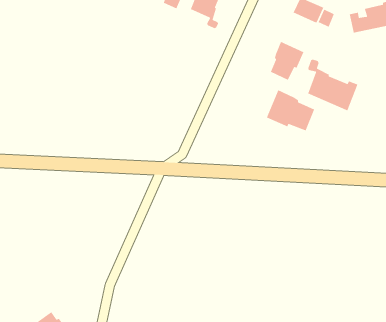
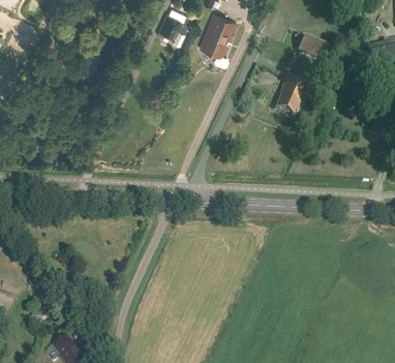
building: [307,59,359,112] -> none
building: [266,89,315,132] -> none

